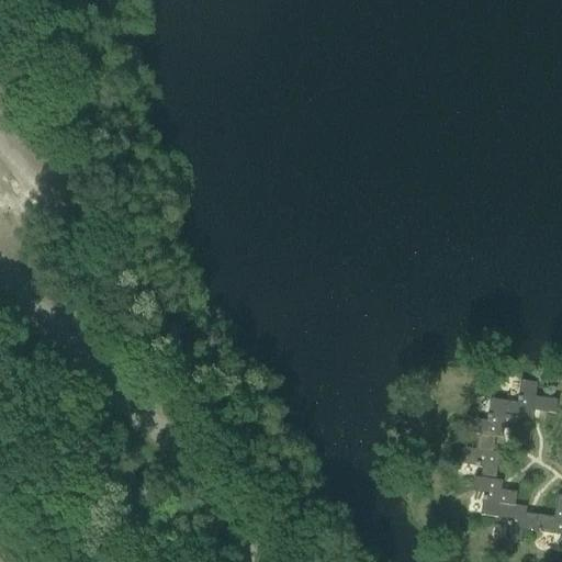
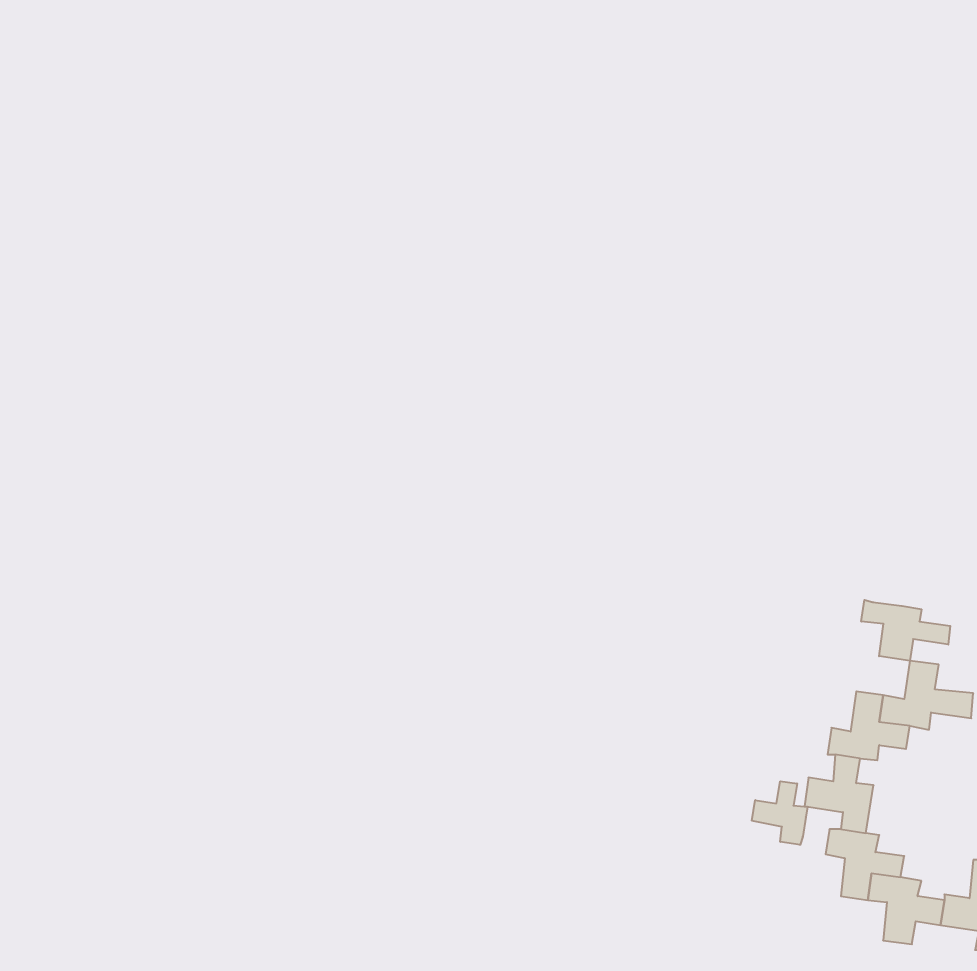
building: none -> [861,600,950,661]
building: none -> [752,781,807,845]

